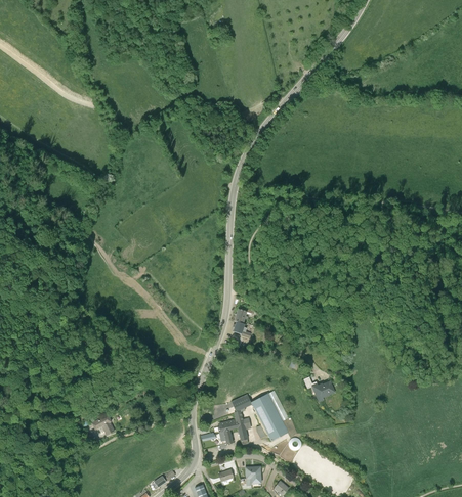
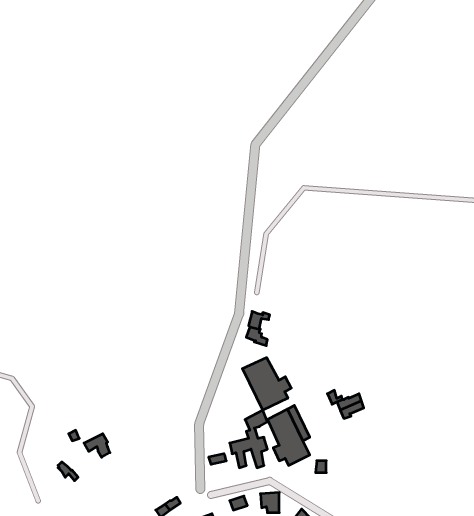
building: none -> [242,358,291,410]

